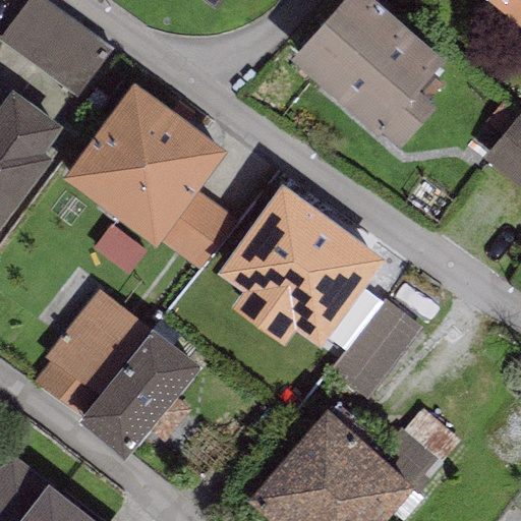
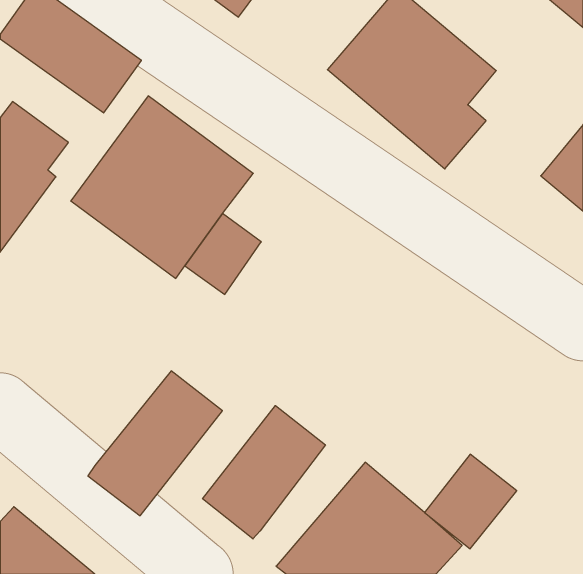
building: [221,189,379,344] -> none
building: [35,286,153,415] -> none
building: [333,293,420,389] -> none
building: none -> [203,406,325,539]

